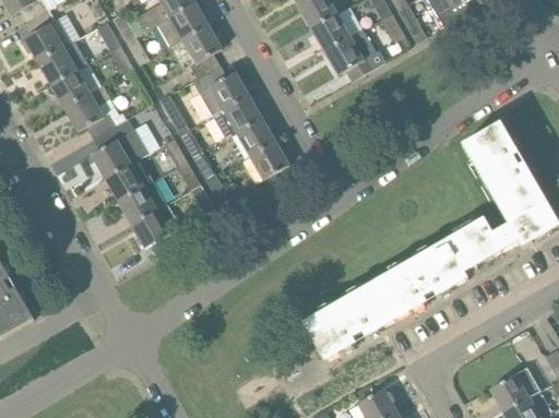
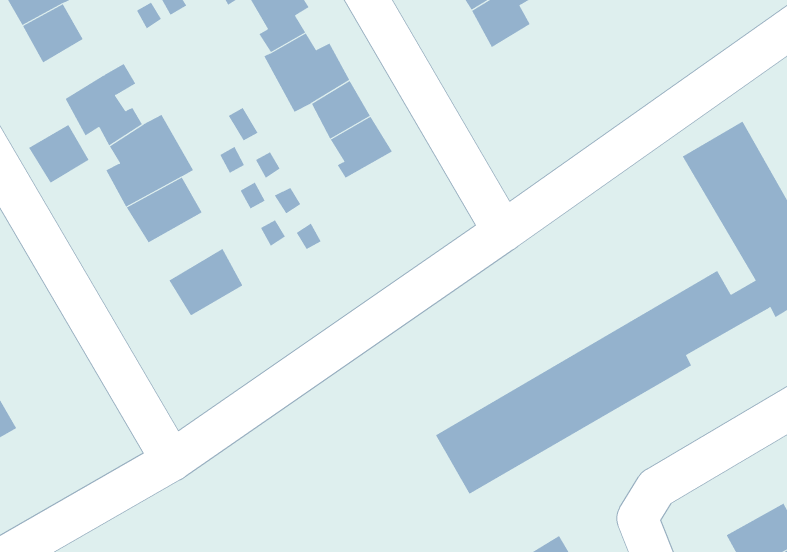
building: [49,68,88,106] -> [28,124,89,184]
building: [242,140,287,181] -> none
building: [117,179,165,223] -> none

